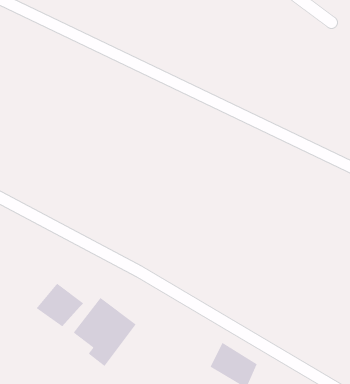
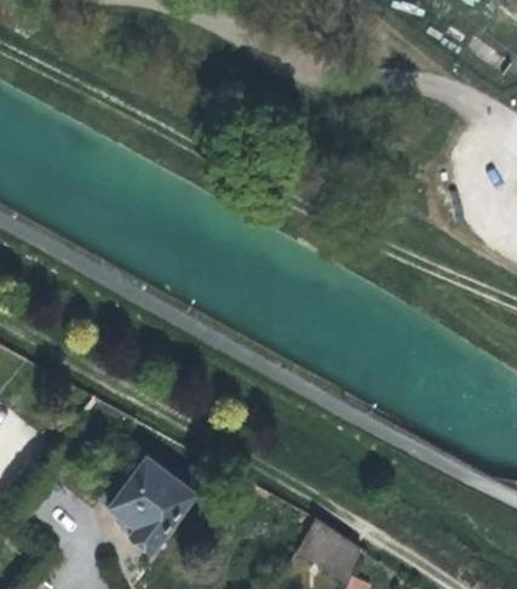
building: [36,283,84,327] -> none

